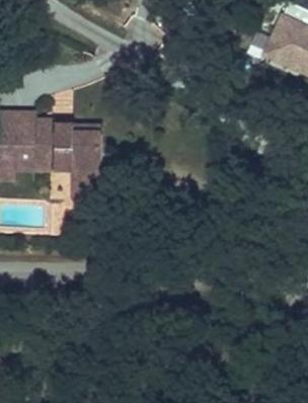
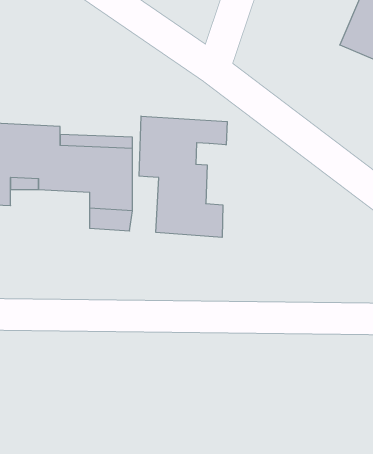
building: none -> [139,116,227,237]

